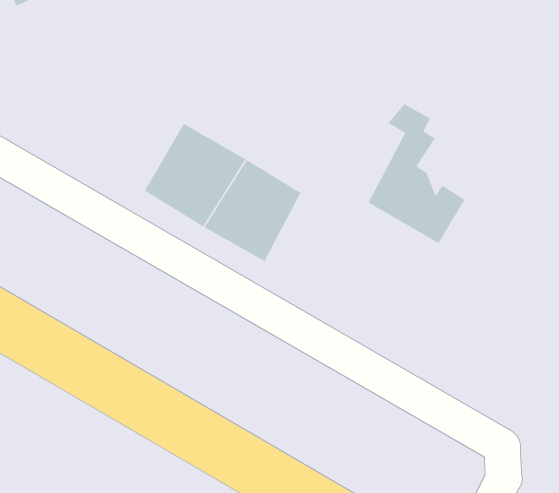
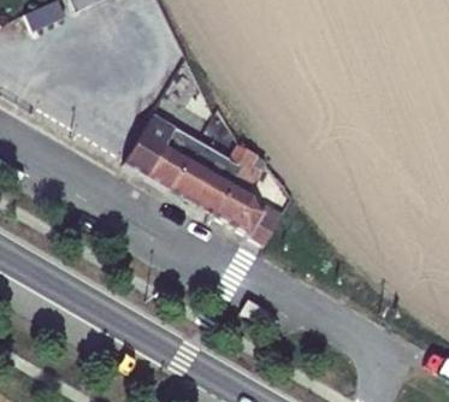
building: [368,103,466,244] -> [213,142,284,244]

